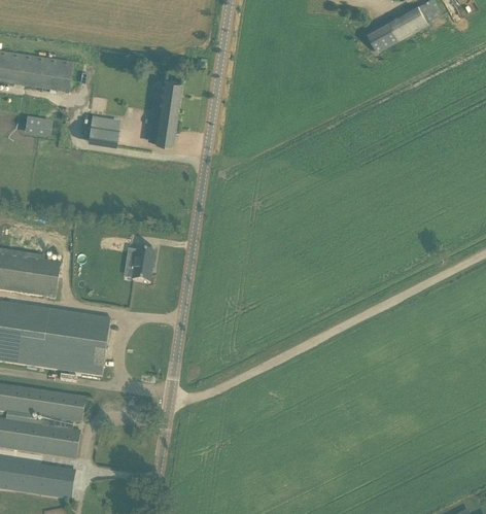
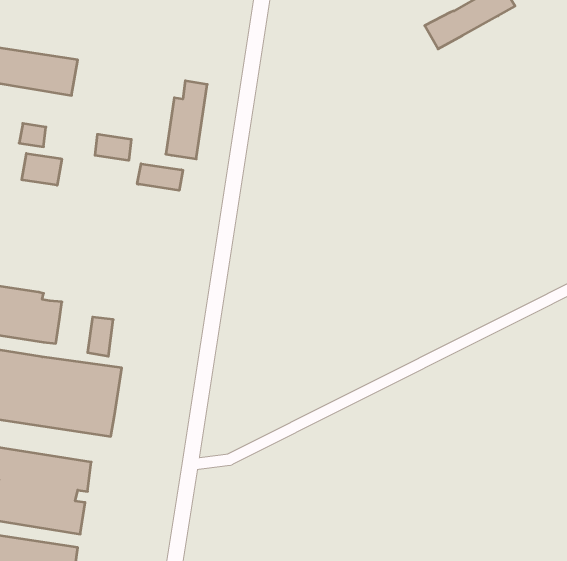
building: none -> [22,153,62,185]
building: none -> [137,164,183,190]
building: [132,250,153,283] -> [88,317,113,356]

